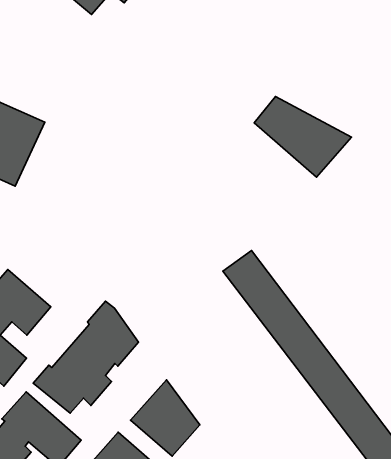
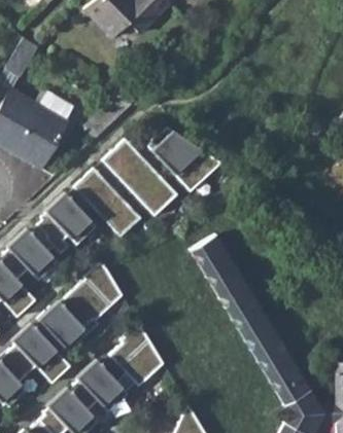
building: [254,96,352,177] -> [147,127,220,191]
building: none -> [103,139,176,215]
building: none -> [74,168,140,236]
building: none -> [36,194,96,252]

